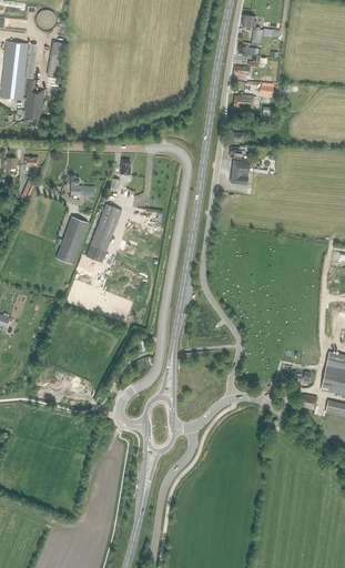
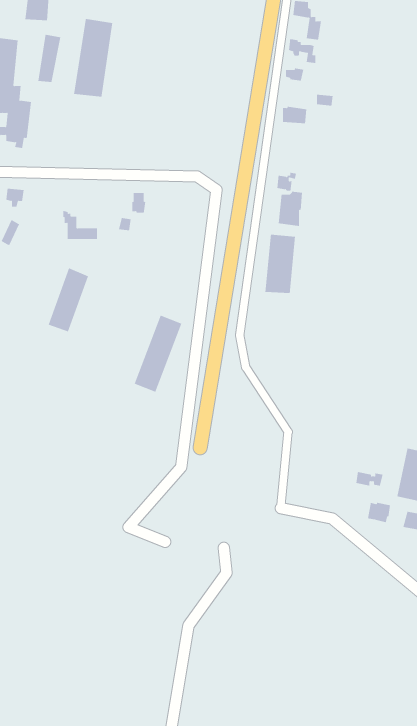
building: none -> [74,18,113,97]
building: none -> [265,234,295,294]
building: [84,204,121,263] -> [134,315,182,393]

